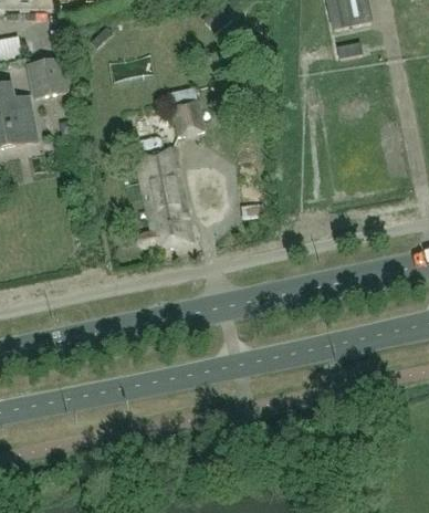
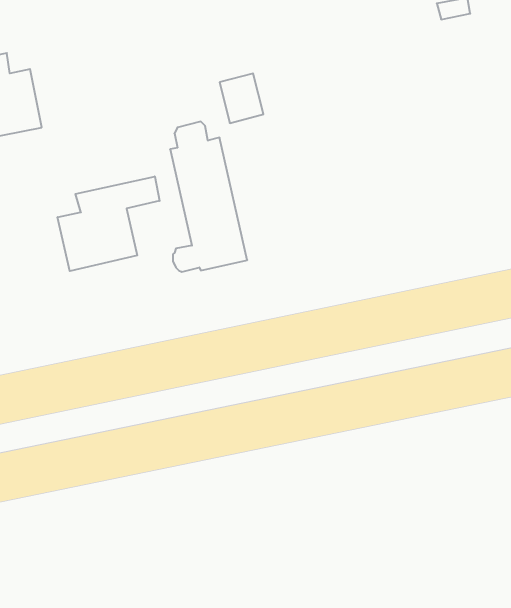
building: [27,55,67,97] -> none
building: none -> [58,176,160,271]

